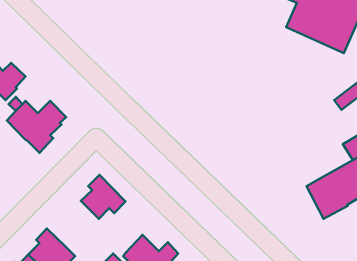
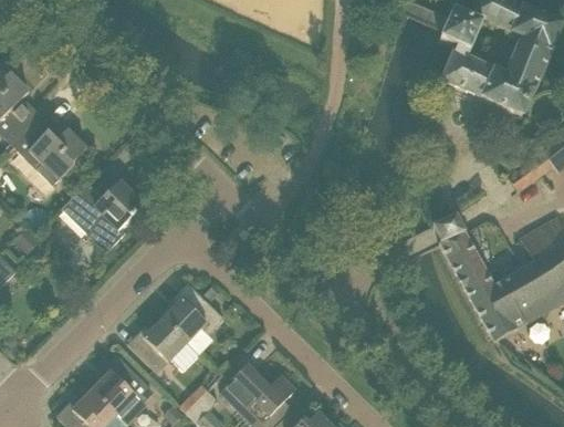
building: none -> [430,211,492,296]
building: none -> [126,316,186,372]

